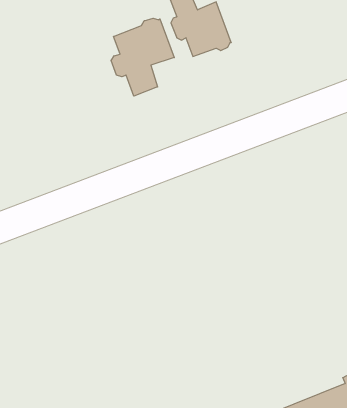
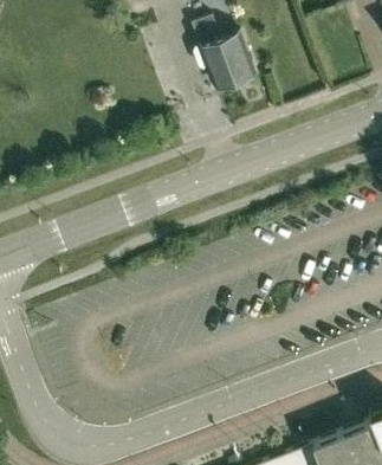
building: [111,18,174,96] -> none

